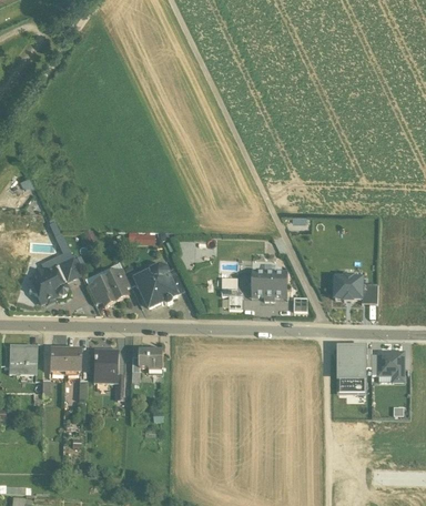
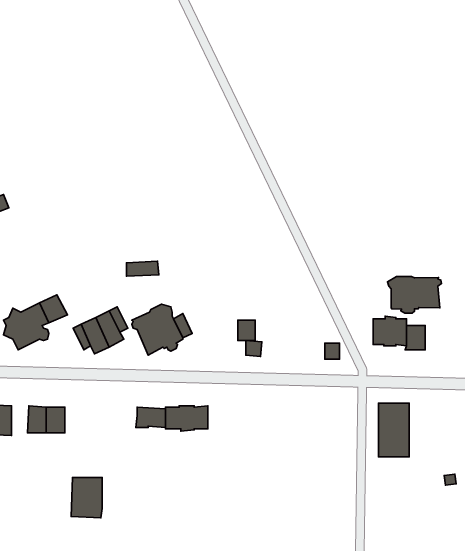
building: none -> [387,277,441,313]
building: [250,271,284,298] -> none
building: none -> [165,406,208,431]
building: [91,348,116,382] -> [71,478,102,518]
building: [377,351,402,380] -> none

